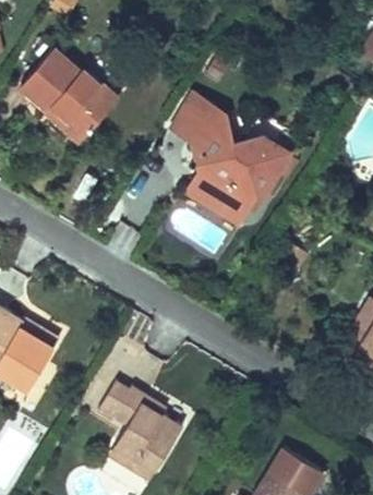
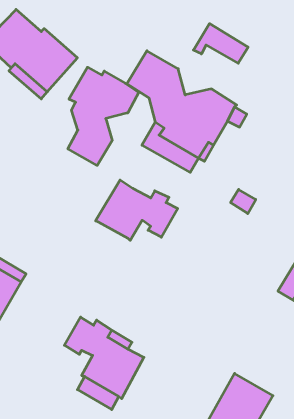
building: none -> [193,24,248,63]
building: none -> [68,67,139,165]
building: none -> [96,180,178,240]

